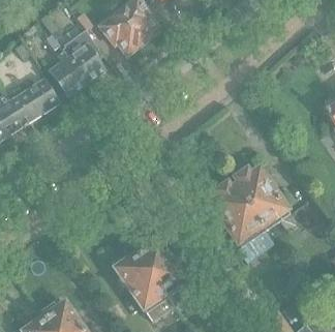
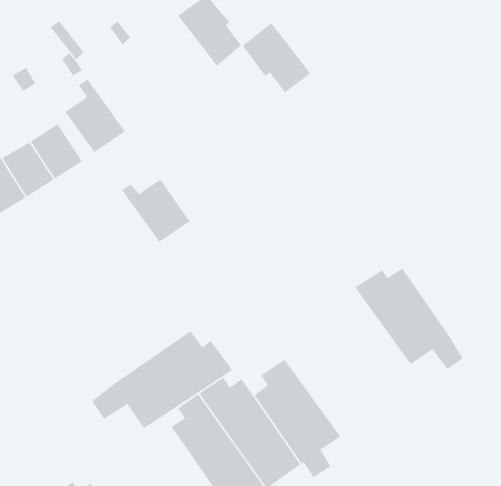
building: [99,10,143,55] -> [242,22,311,93]
building: [62,42,105,83] -> [121,178,190,243]
building: [209,180,264,254] -> [254,359,341,478]
building: none -> [91,330,233,429]

